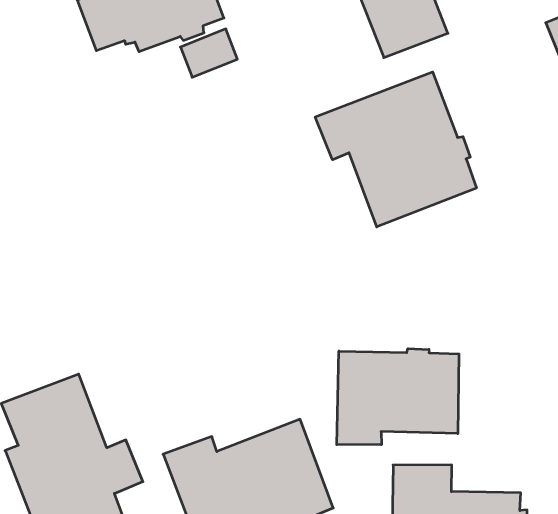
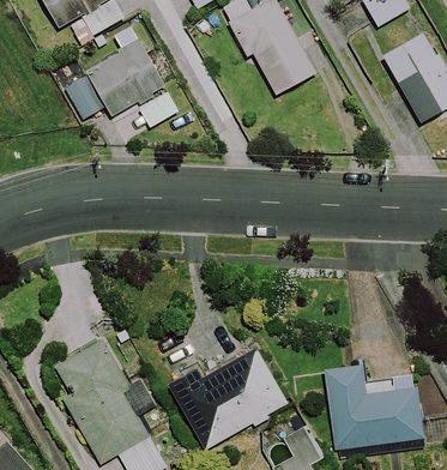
building: [315,72,476,227] -> none
building: [337,349,459,445] -> none

